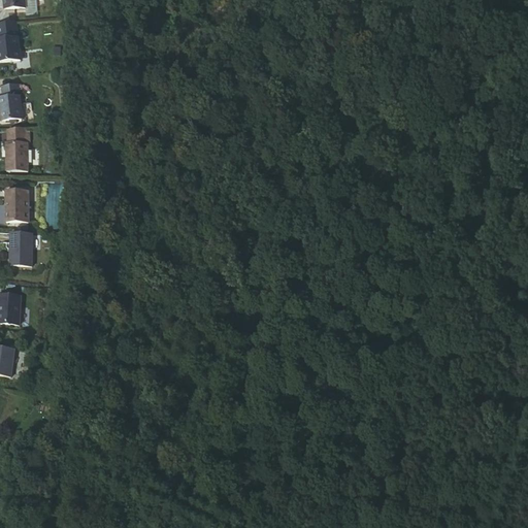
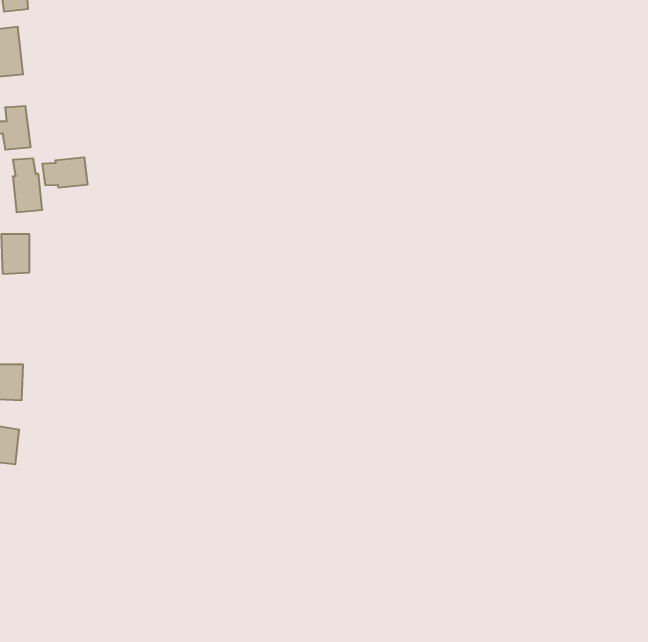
building: none -> [42,157,87,188]
building: [7,232,29,264] -> none

